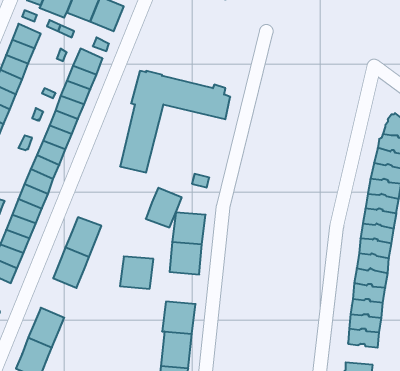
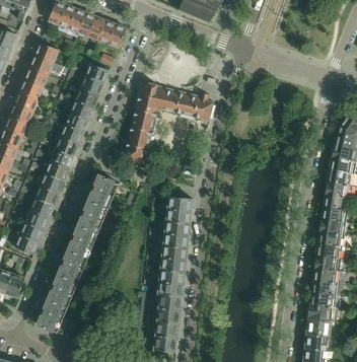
building: [146,188,182,227] -> [88,175,118,208]
building: [120,256,153,289] -> [160,245,188,272]
building: none -> [58,250,87,283]
building: none -> [307,304,337,321]

